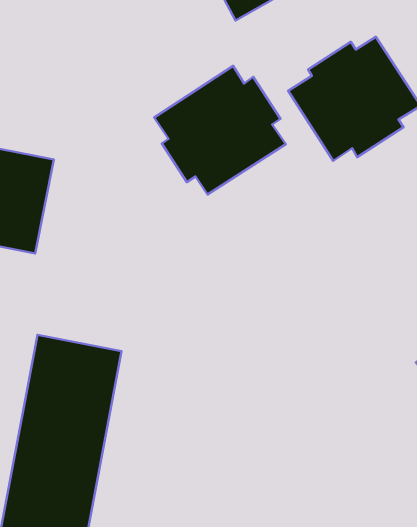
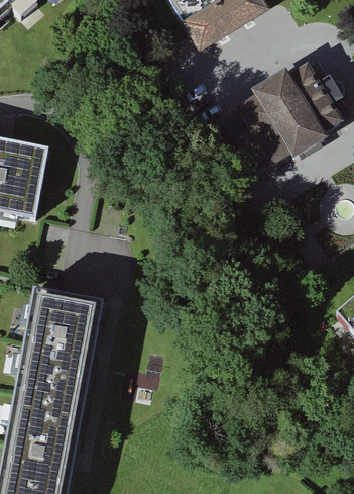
building: [154,66,286,194] -> none

